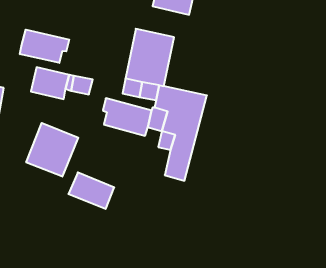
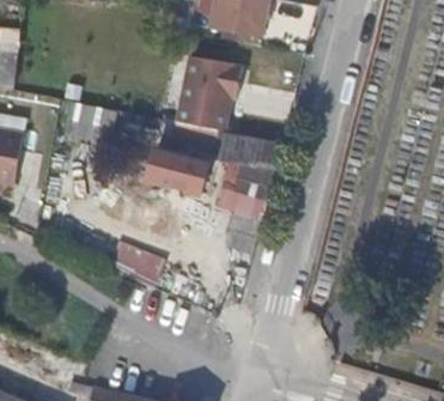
building: [20,30,69,63] -> none
building: [26,123,78,177] -> none

